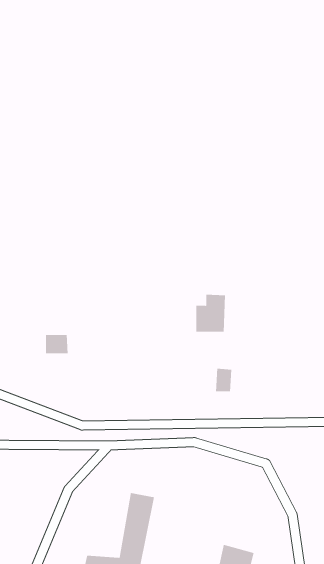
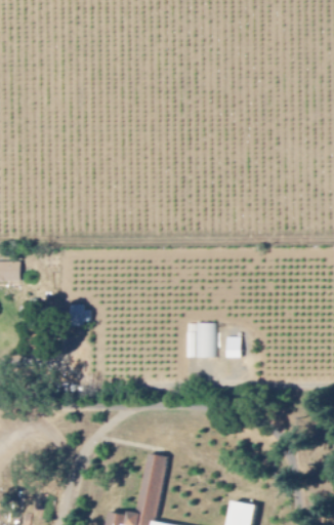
building: [196,294,226,332] -> [187,323,215,358]

